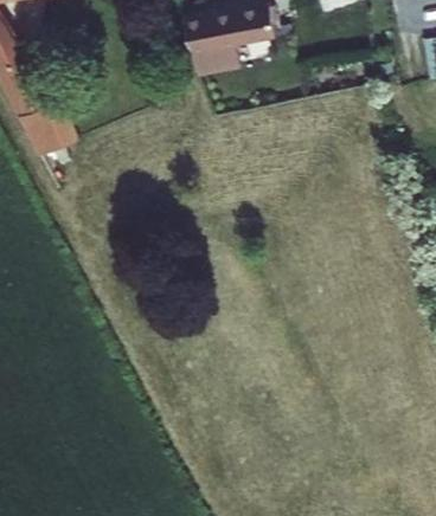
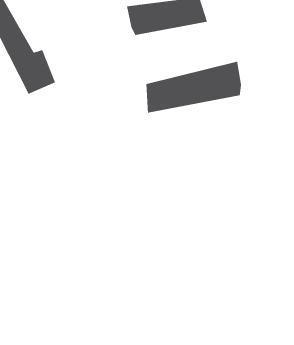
building: none -> [146,61,242,113]

